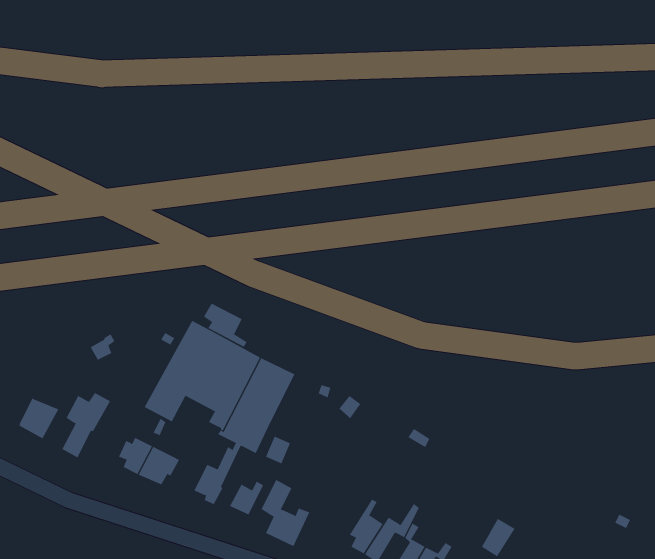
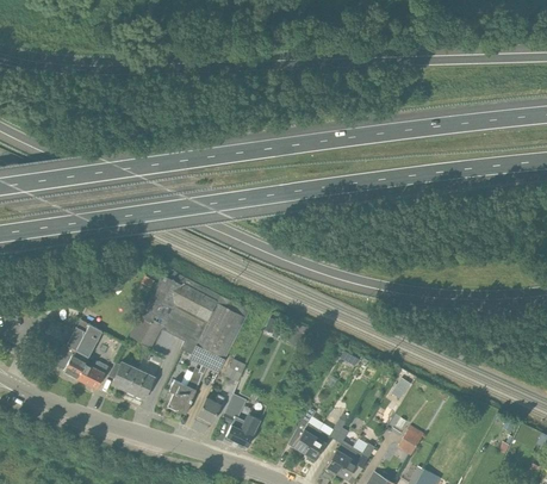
building: [203,303,248,348] -> none
building: [19,397,59,439] -> [76,355,108,389]

